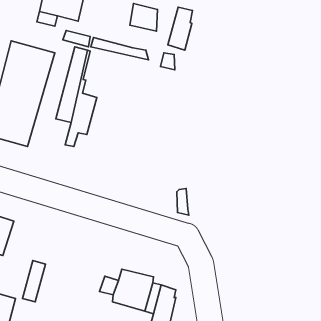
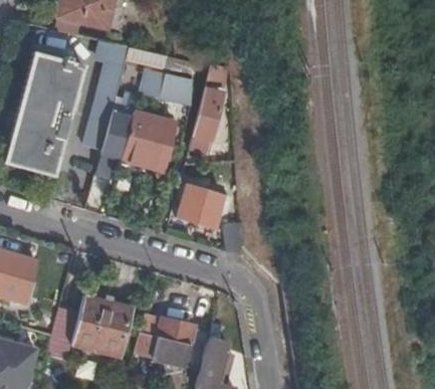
building: [130,4,157,31] -> [162,72,194,105]
building: [168,7,193,50] -> [194,90,223,141]
building: none -> [122,113,176,172]
building: none -> [178,183,231,227]
building: none -> [73,297,131,356]

